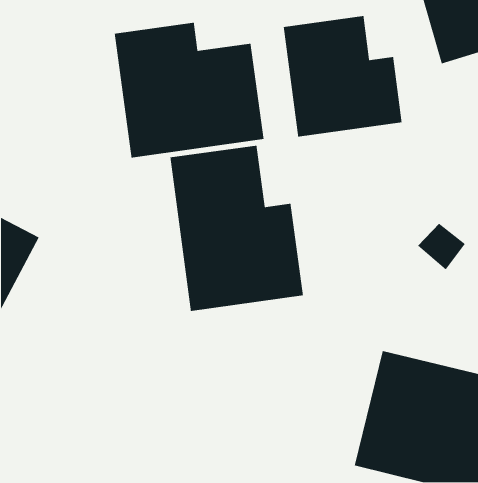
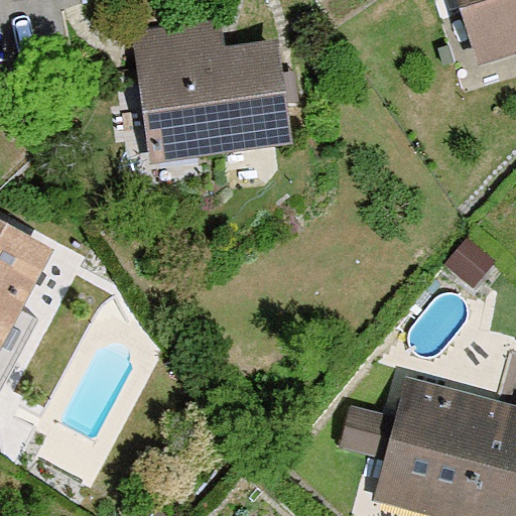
building: [283,15,403,137] -> none
building: [170,145,304,312] -> none

